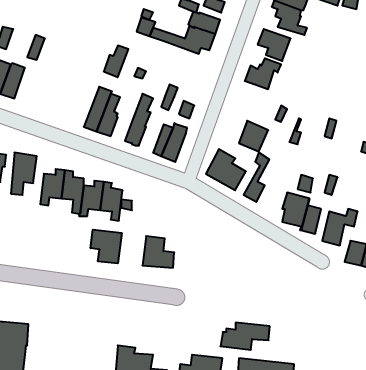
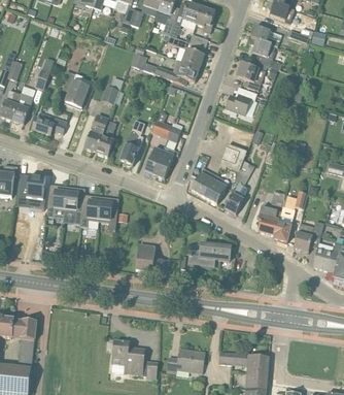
building: none -> [63,69,90,107]
building: none -> [33,116,67,135]
building: [91,230,122,263] -> none
building: [220,323,270,350] -> [187,242,231,266]

